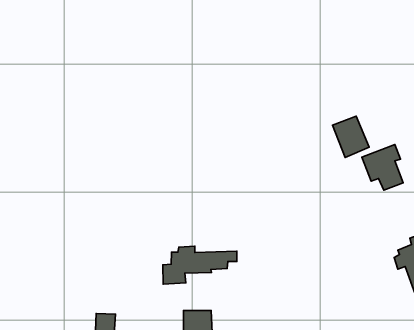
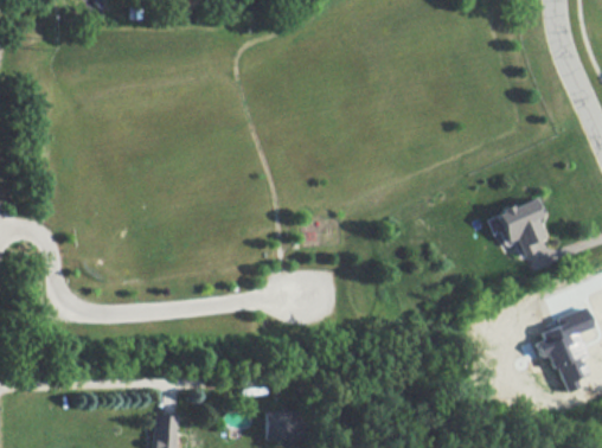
building: [333,116,369,157] -> none
building: [163,246,237,284] -> none

